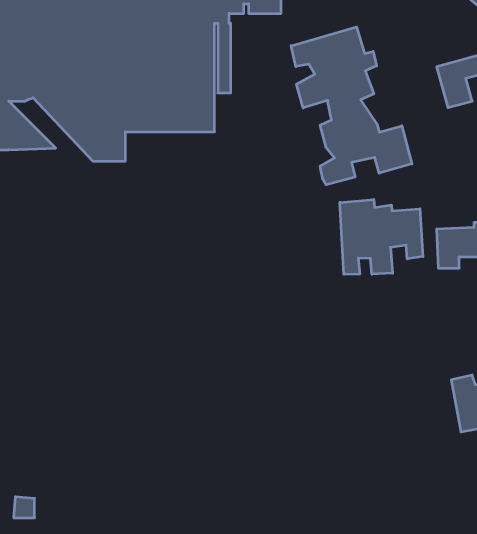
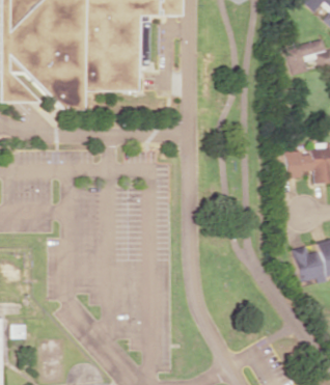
building: [291,27,412,185] -> none
building: [340,199,423,274] -> none

